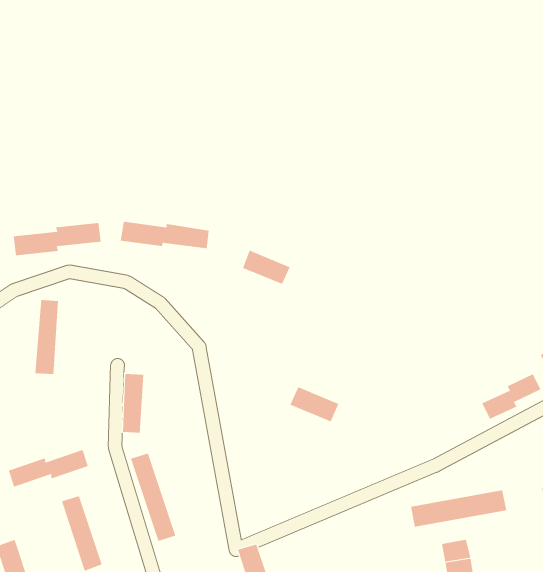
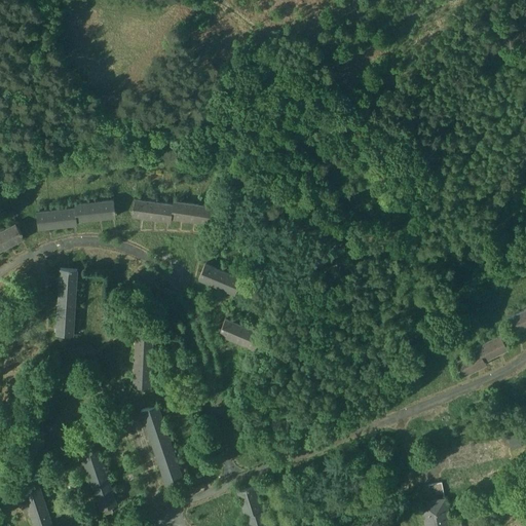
building: [242,250,291,284] -> [198,265,241,296]
building: [290,386,339,422] -> [218,320,262,351]
building: [8,449,88,487] -> none
building: [410,489,507,527] -> none

